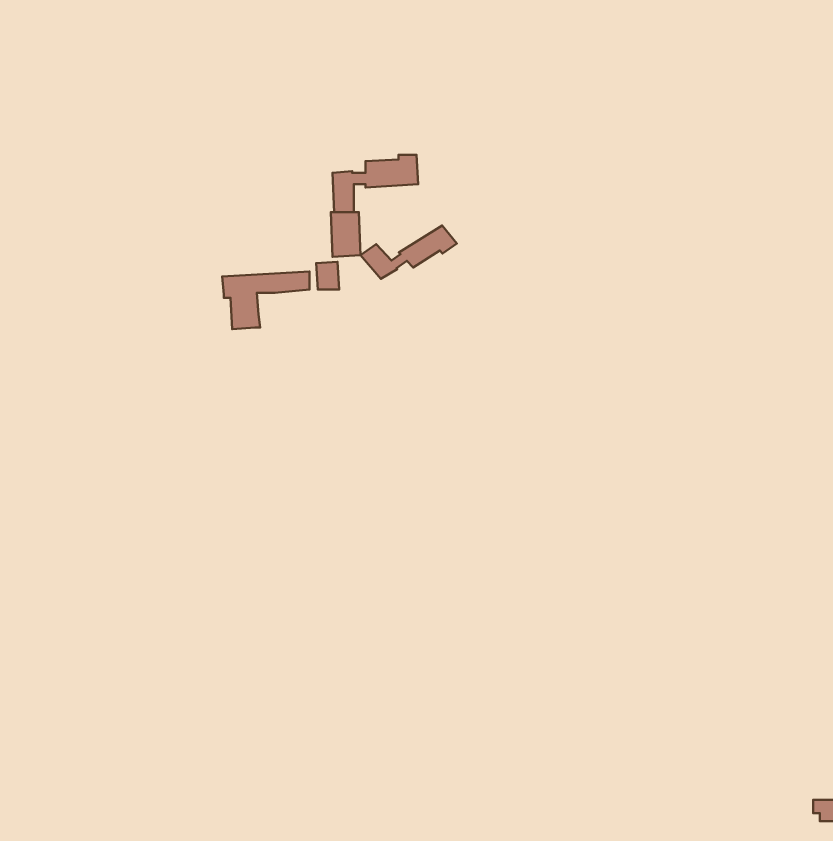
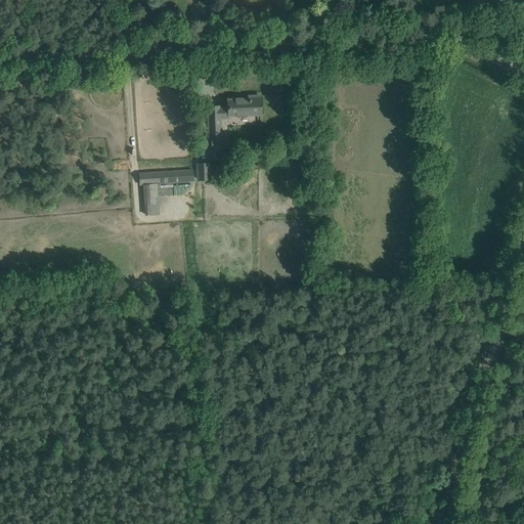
building: [361,226,457,279] -> none

